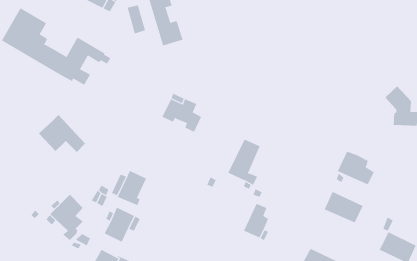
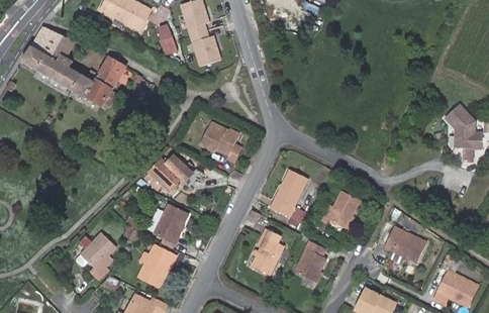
building: [38,114,86,153] -> [146,151,199,194]
building: [337,151,375,185] -> none
building: none -> [317,192,360,229]
building: none -> [253,231,285,276]

